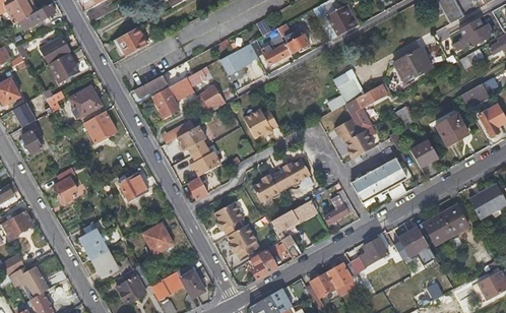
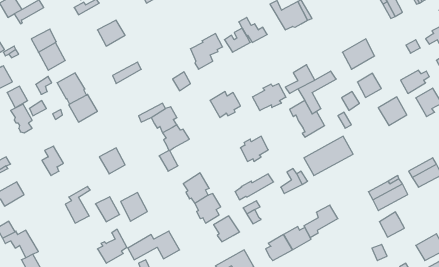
building: [452,20,493,52] -> none
building: [150,77,193,118] -> none
building: none -> [253,84,286,111]
building: [410,141,438,169] -> [357,73,381,97]
building: [253,173,287,202] -> none
building: [400,228,429,256] -> [379,212,404,237]
building: [90,250,118,278] -> [95,197,120,222]

